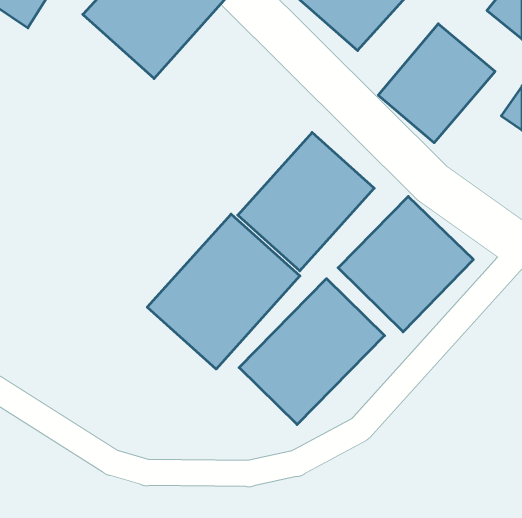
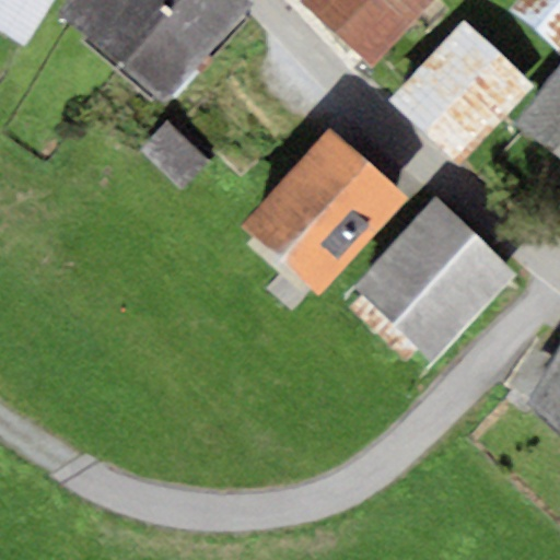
building: [147,214,300,369] -> none
building: [239,279,385,425] -> none

